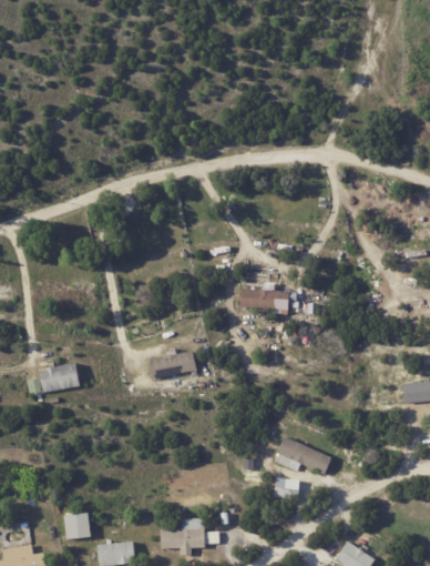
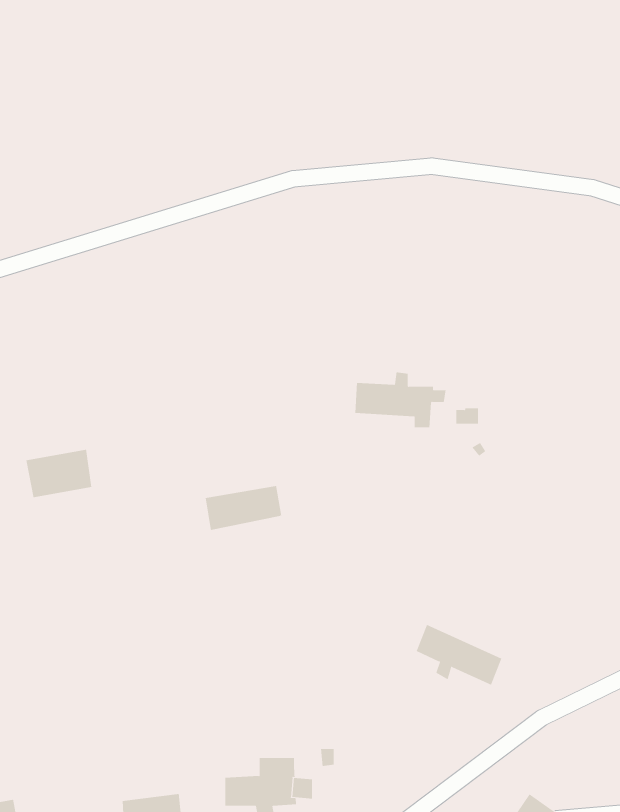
building: [38,362,79,392] -> [25,449,92,498]
building: [270,477,296,499] -> none
building: [63,513,91,539] -> none

